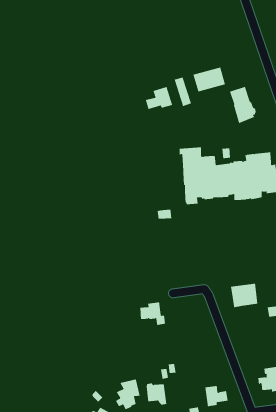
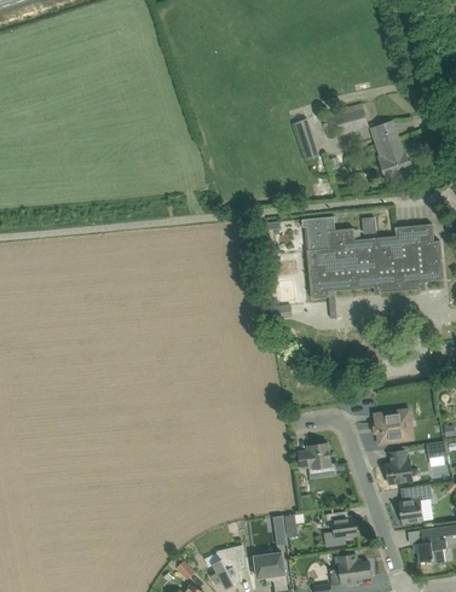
building: [145,86,173,110] -> none
building: [139,302,166,326] -> [299,442,336,476]
building: none -> [386,449,421,483]
building: none -> [398,483,432,522]
building: none -> [323,511,357,545]

